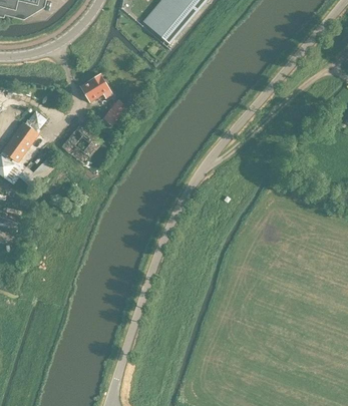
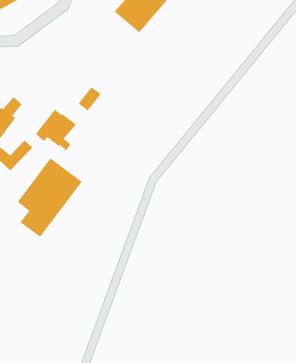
building: [80,73,113,101] -> none
building: none -> [17,158,82,238]

